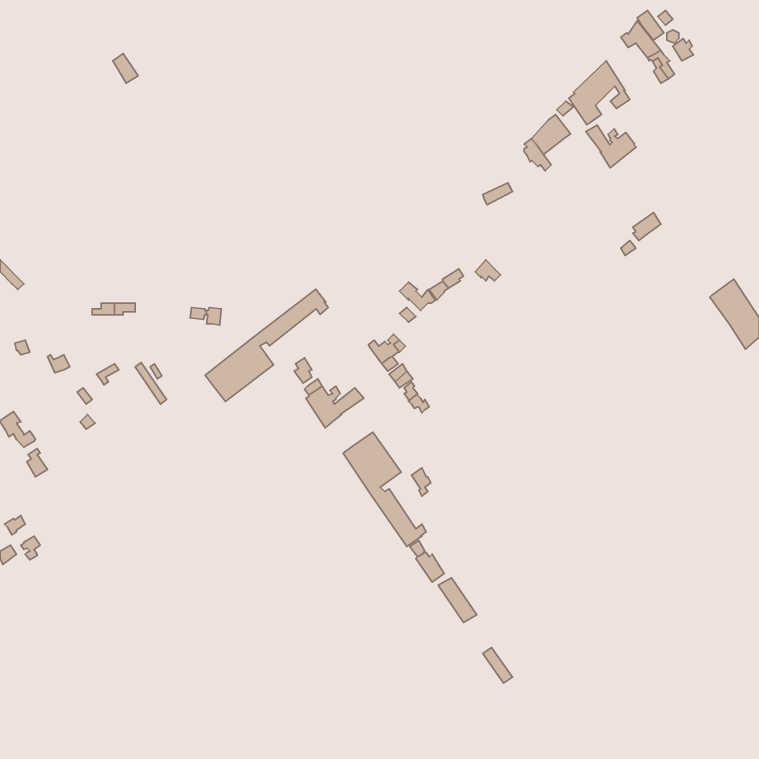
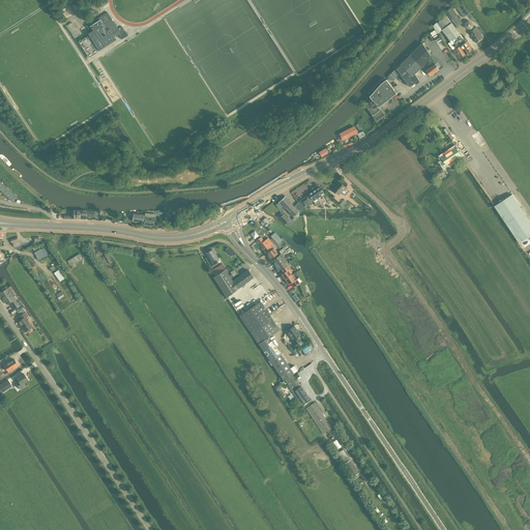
building: none -> [86,12,127,51]
building: [586,125,636,168] -> none
building: [205,289,328,401] -> none

